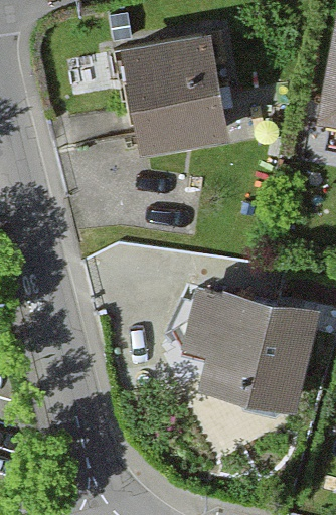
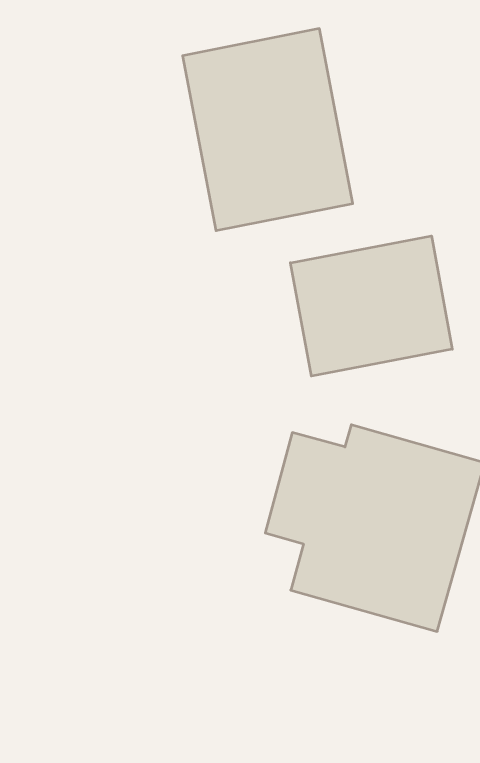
building: none -> [290,236,452,376]

